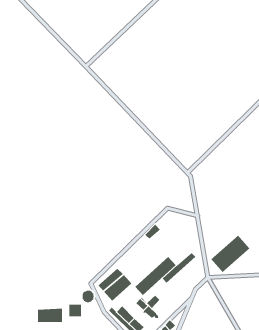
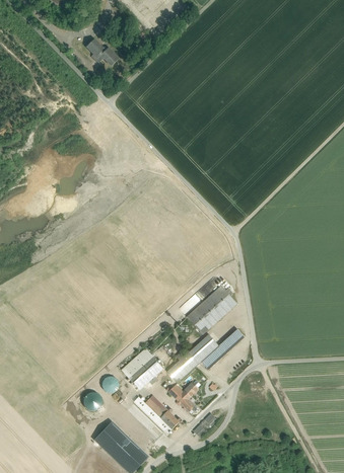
building: none -> [85,38,118,66]
building: [210,234,251,273] -> [187,286,236,333]
building: [37,308,63,323] -> none

